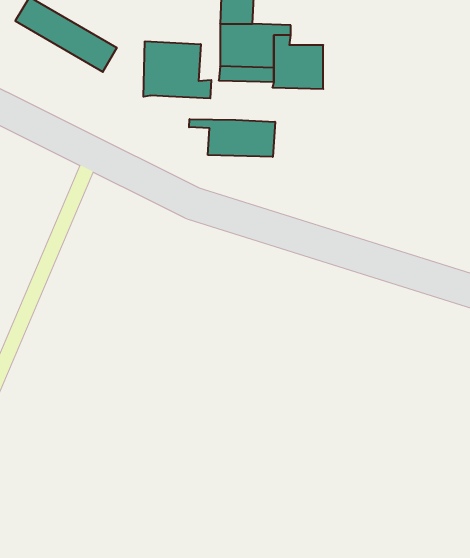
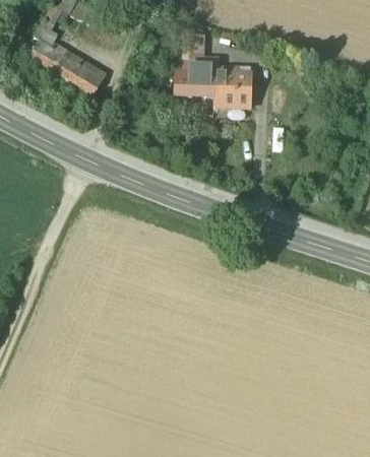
building: [143,41,211,98] -> none
building: [189,119,275,157] -> none

